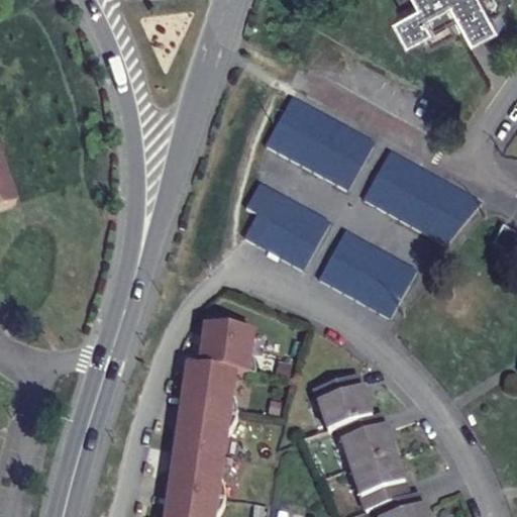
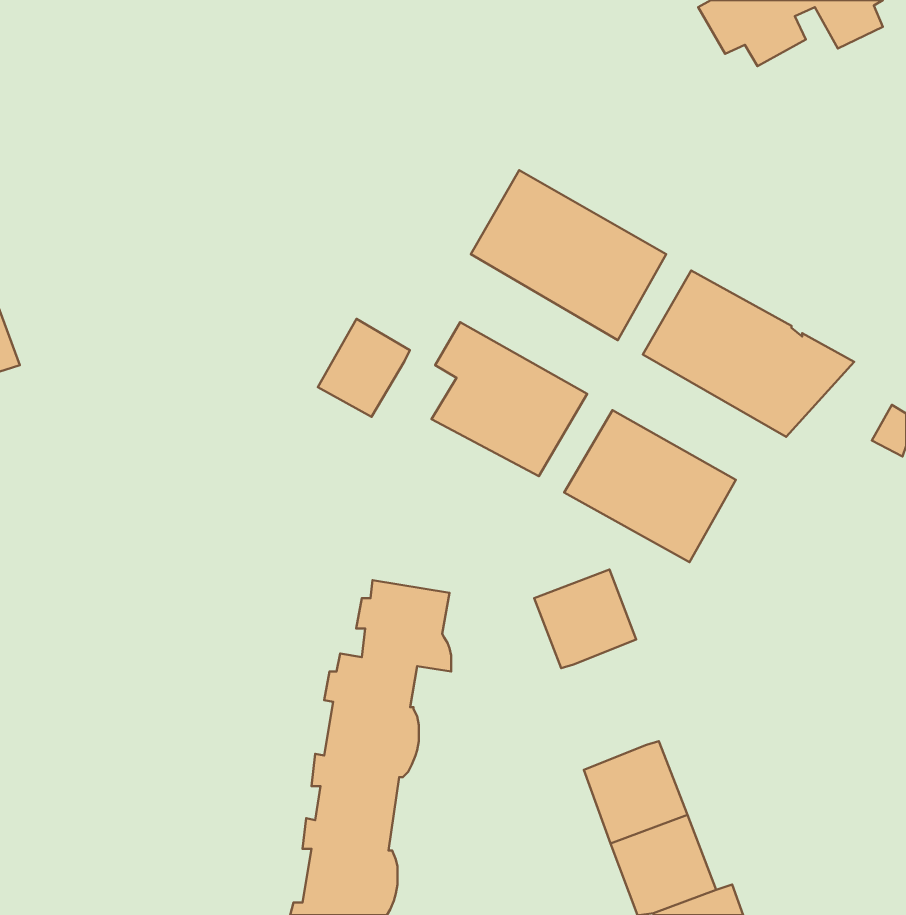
building: none -> [318,319,410,417]
building: [307,381,365,436] -> [534,570,636,668]

